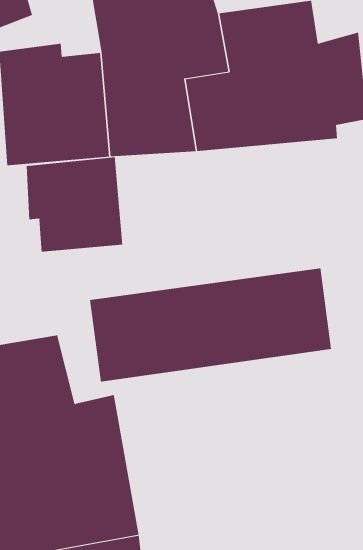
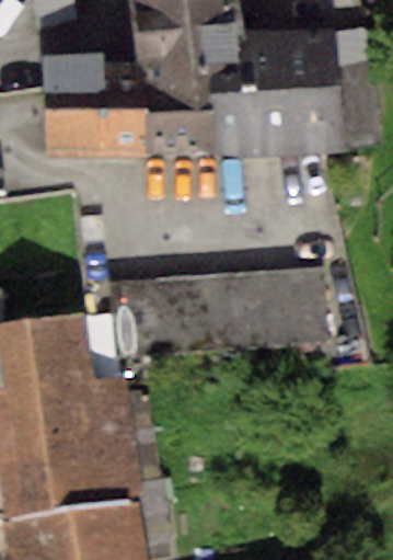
building: [26,157,123,252] -> none

